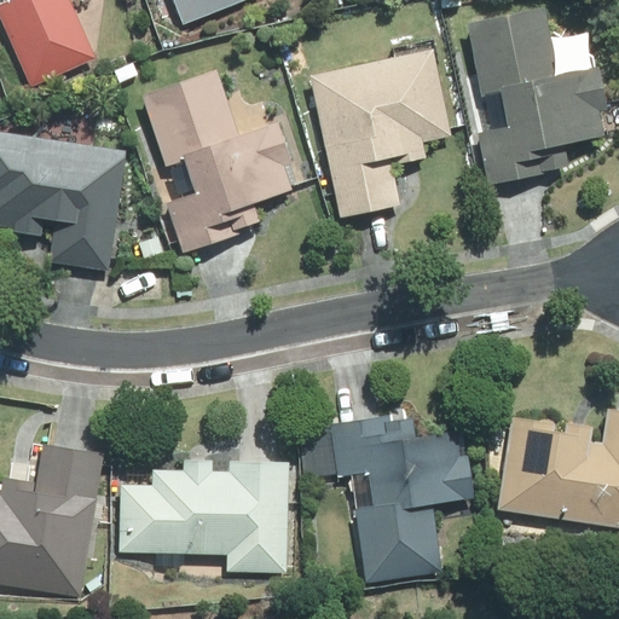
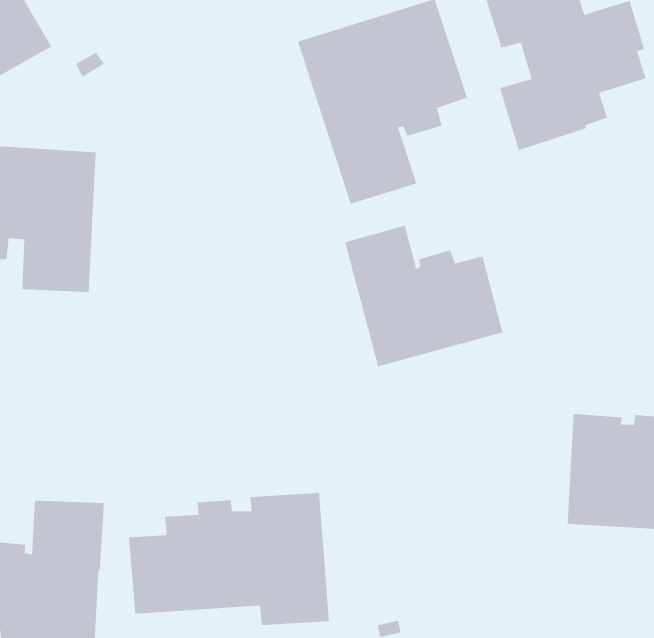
building: [140,70,293,254] -> none
building: none -> [344,225,503,367]
building: [330,413,474,580] -> none

